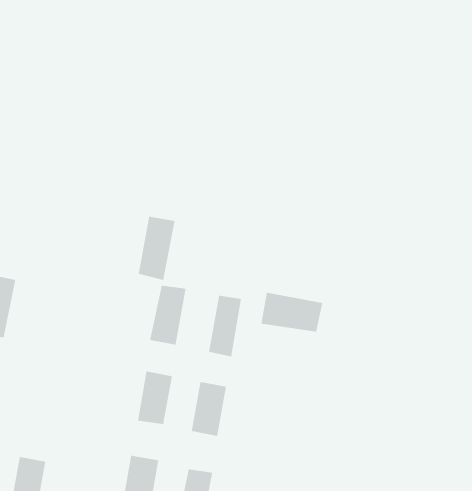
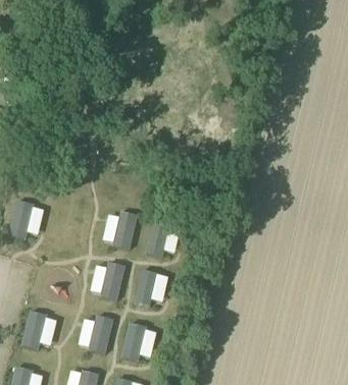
building: [138,216,175,281] -> none
building: [261,292,323,332] -> none

